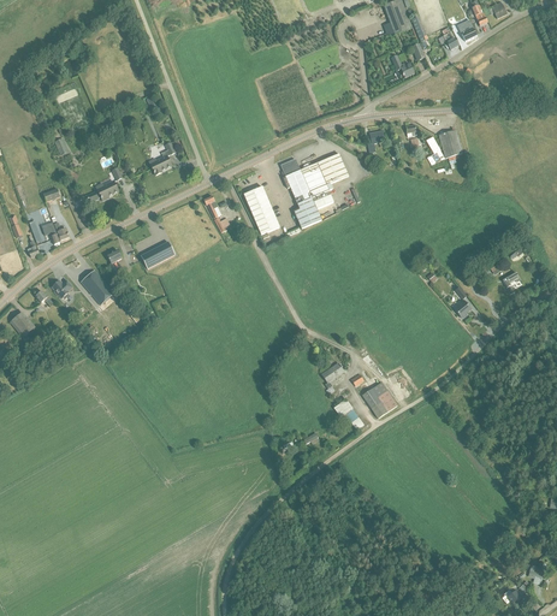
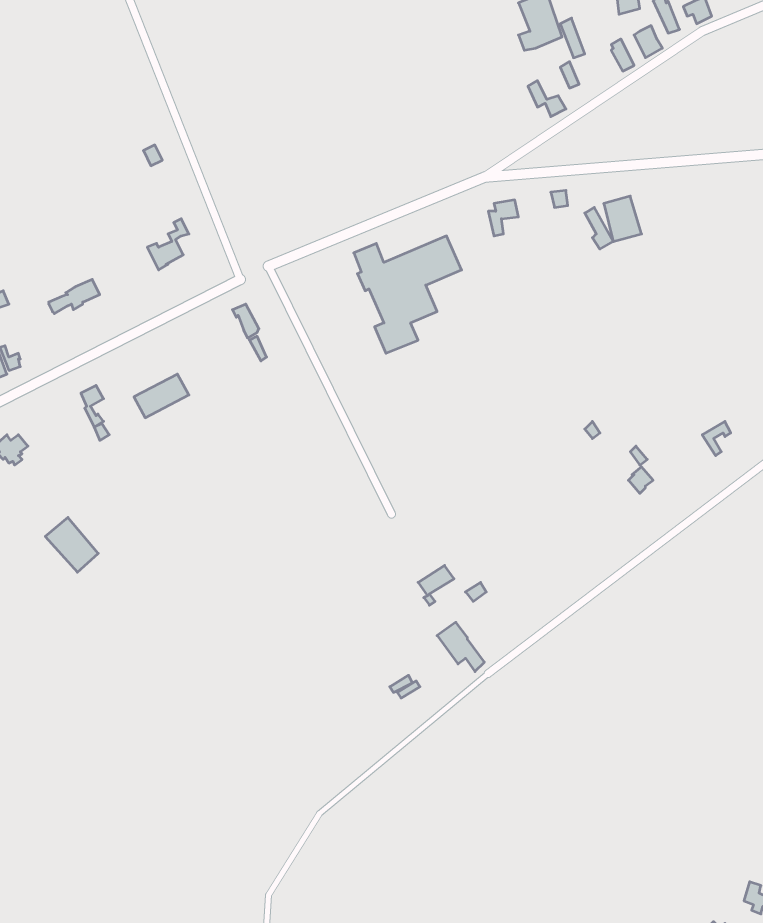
building: [242,185,278,235] -> none
building: [79,270,113,304] -> [45,517,98,572]
building: [362,381,396,417] -> none

